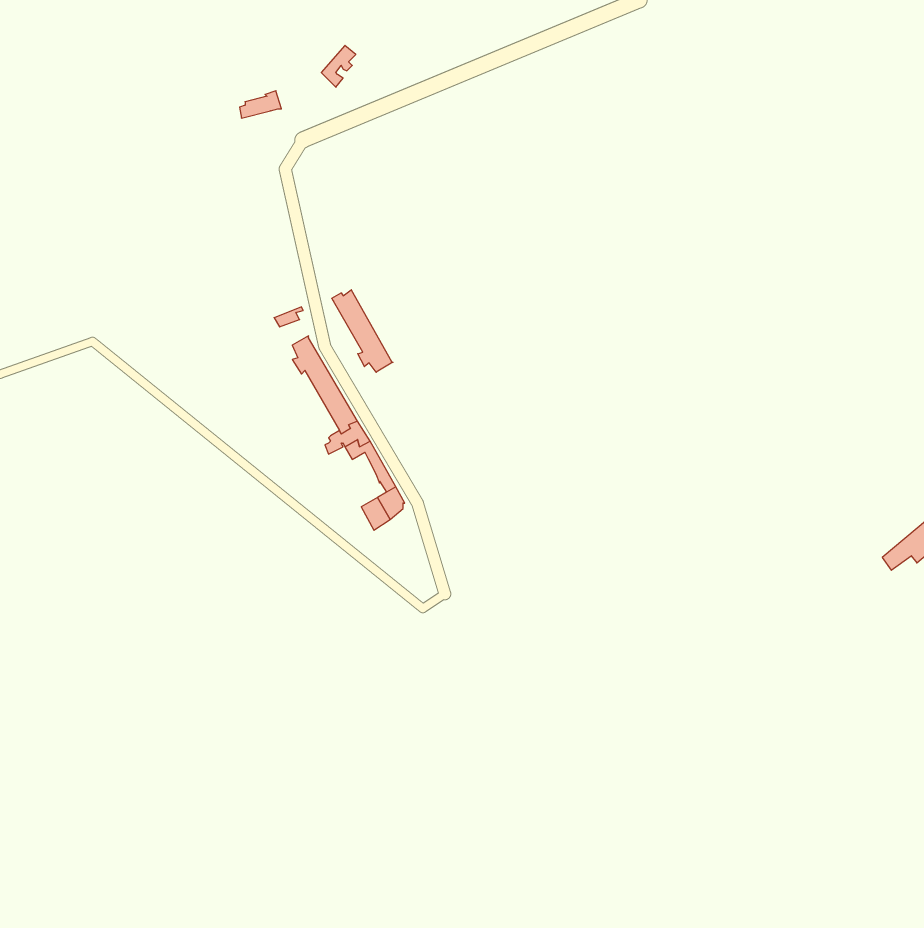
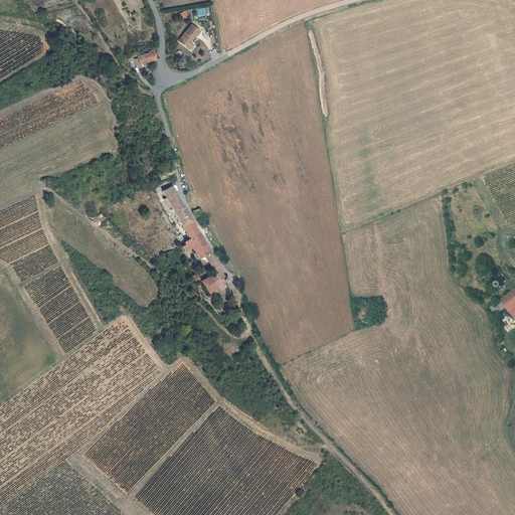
building: [332,290,393,372] -> none

